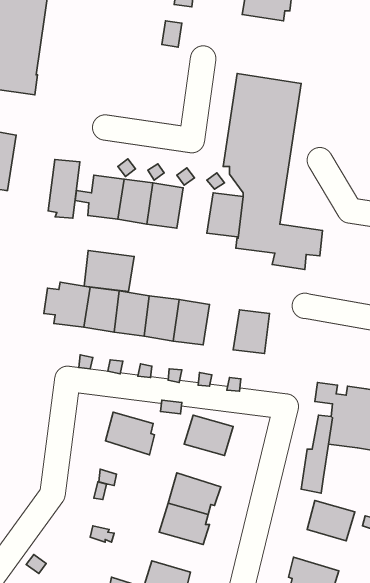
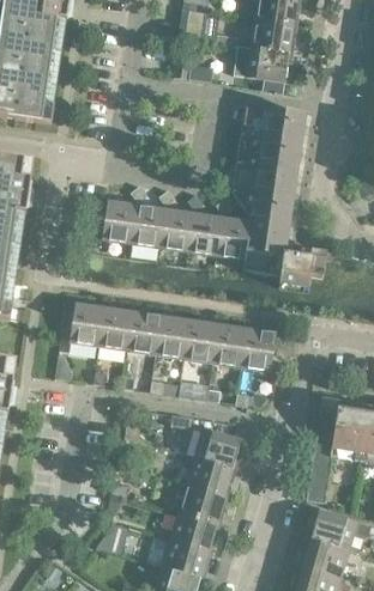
building: none -> [246,47,289,81]
building: [48,159,80,218] -> none
building: none -> [187,212,222,255]
building: [84,250,134,292] -> none
building: none -> [212,323,247,366]
building: [106,412,154,455] -> [187,456,234,496]
building: none -> [298,537,349,577]
building: none -> [163,540,212,578]

